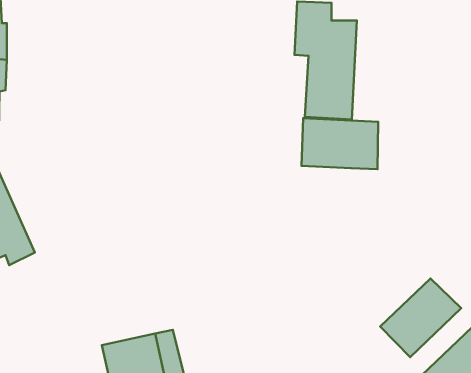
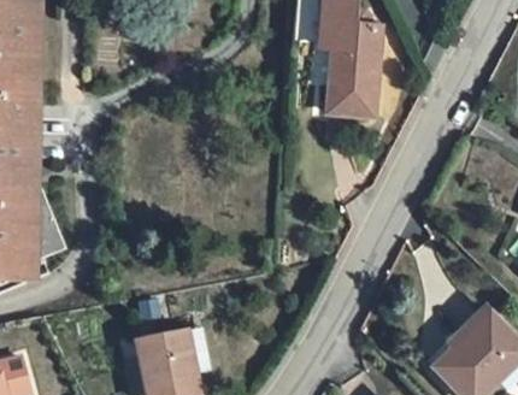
building: [301,118,378,169] -> none
building: [380,278,461,357] -> none

